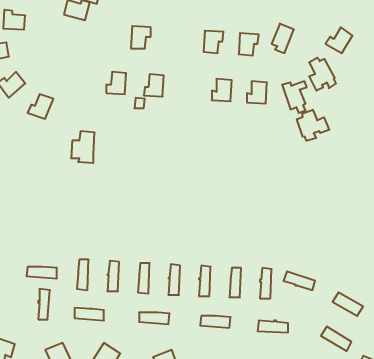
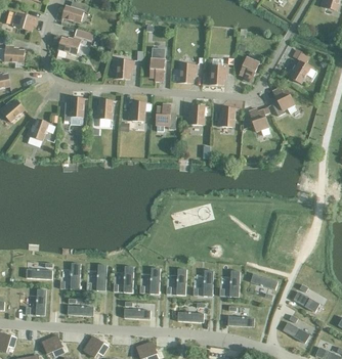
building: none -> [148,47,164,80]
building: none -> [155,102,175,130]
building: [297,110,329,141] -> none
building: [71,131,95,163] -> [62,96,83,124]

